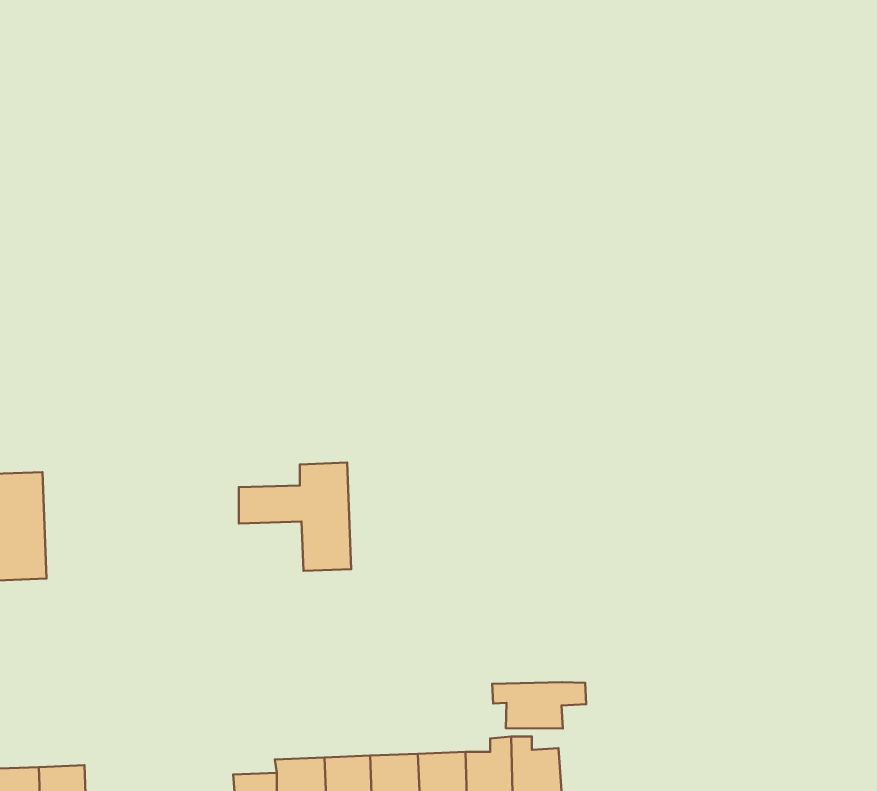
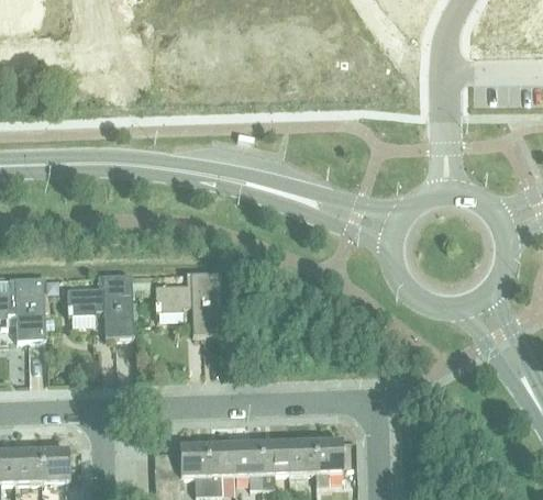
building: none -> [66,276,134,338]
building: [492,682,586,729] -> none

